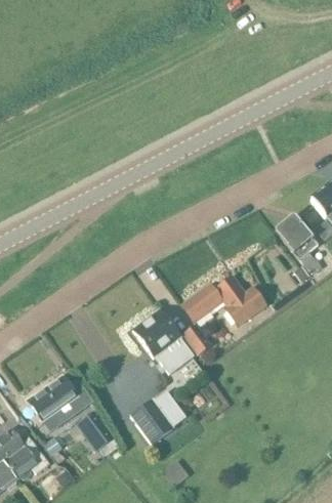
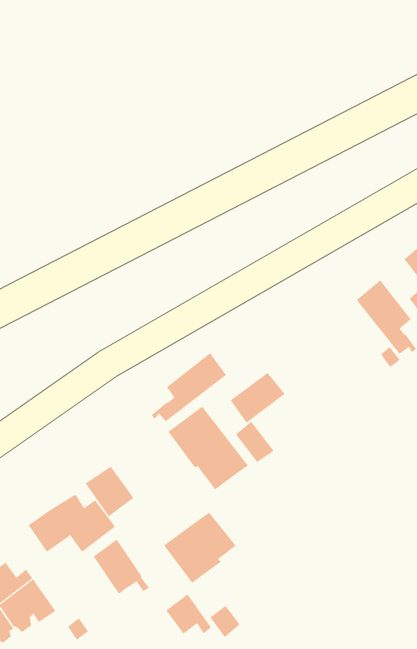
building: none -> [151,353,227,422]
building: [213,277,265,326] -> none
building: none -> [85,466,134,517]
building: none -> [166,594,212,634]

